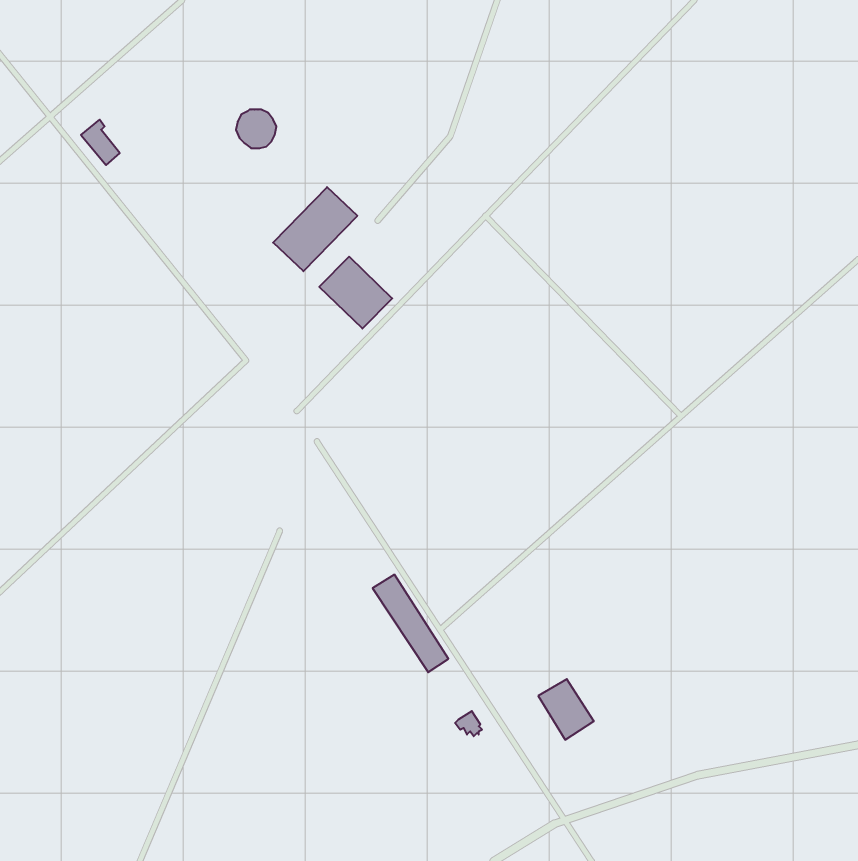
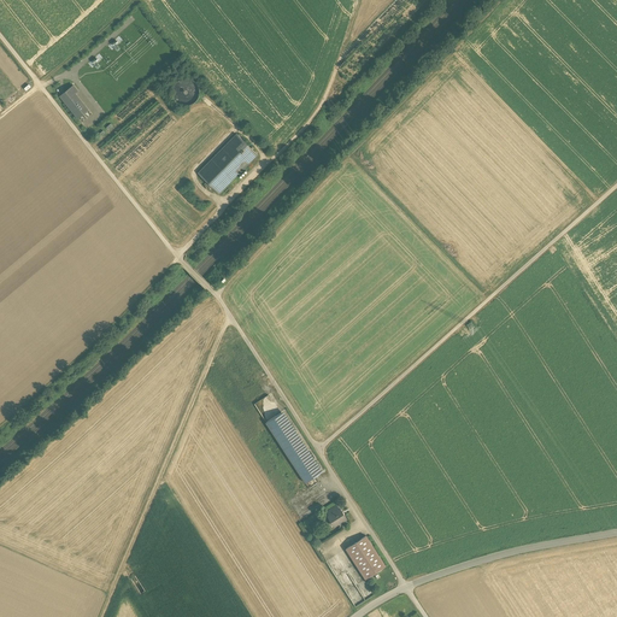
building: [319,257,392,329] -> none
building: [538,679,594,740] -> [343,536,383,580]

